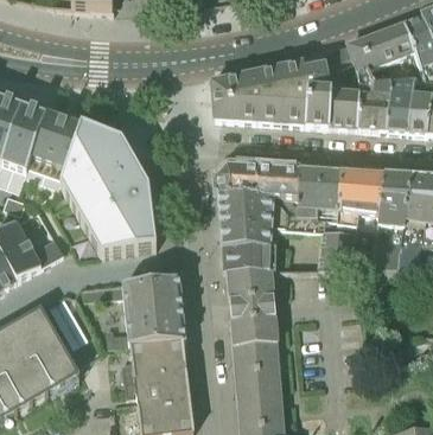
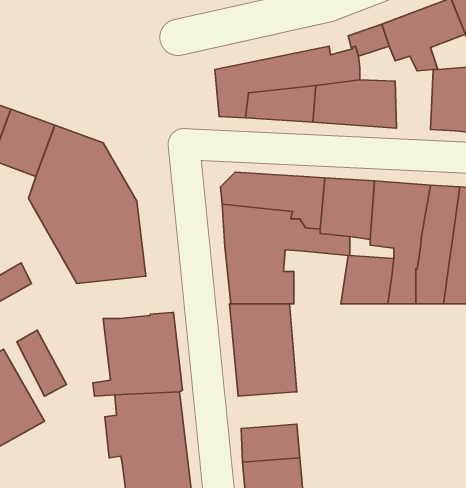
building: [357,68,388,127] -> none
building: [230,339,278,369] -> none

